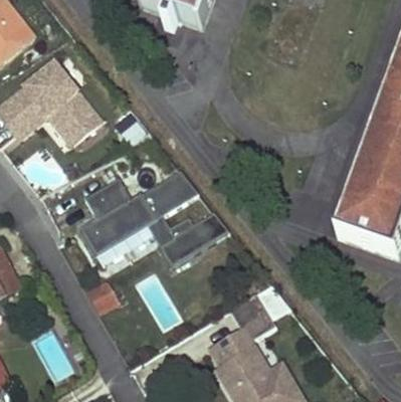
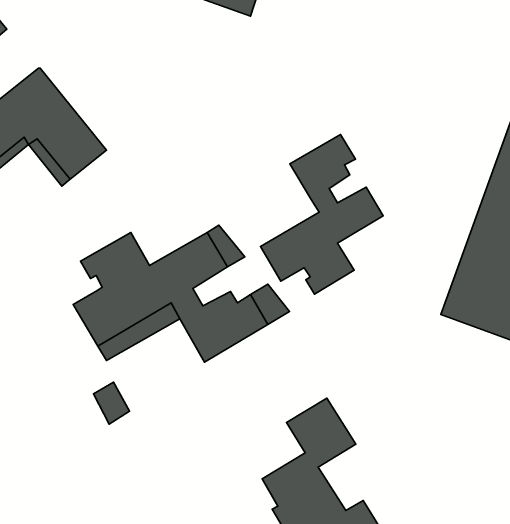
building: none -> [260,134,383,294]

